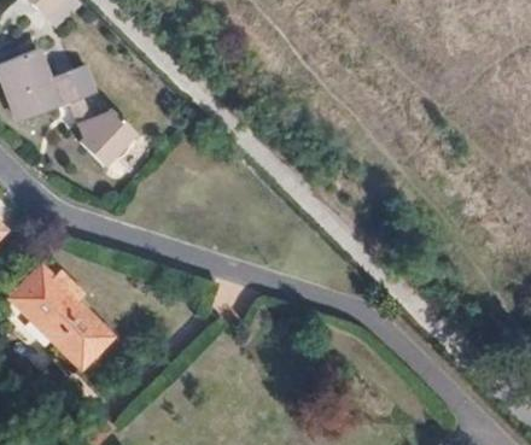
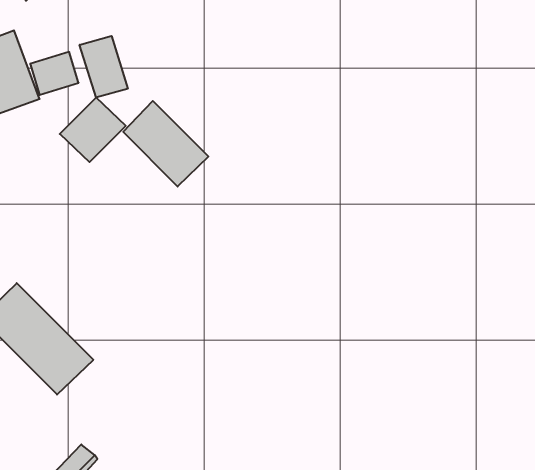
building: none -> [80,36,128,98]
building: none -> [123,101,208,187]

